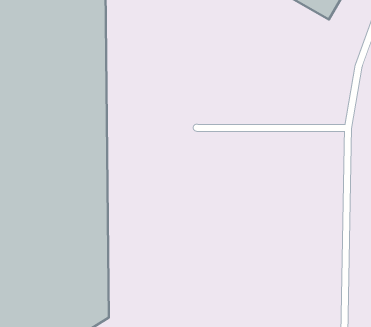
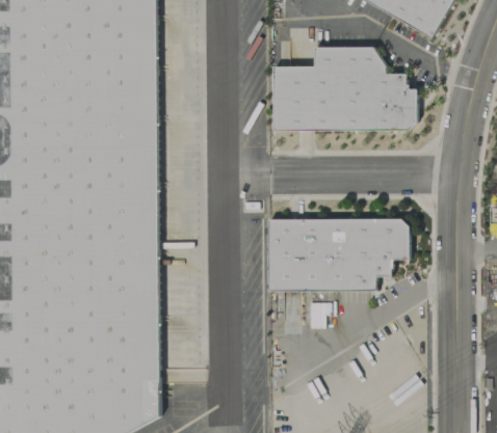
building: none -> [273,46,418,129]
building: none -> [267,217,409,290]

